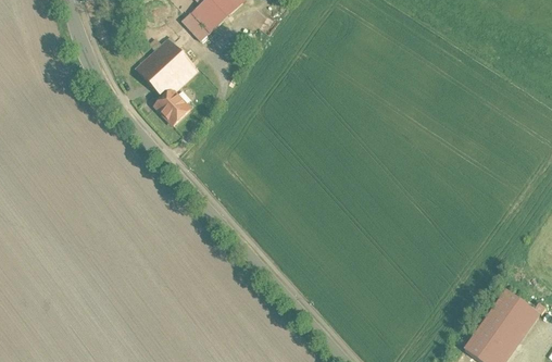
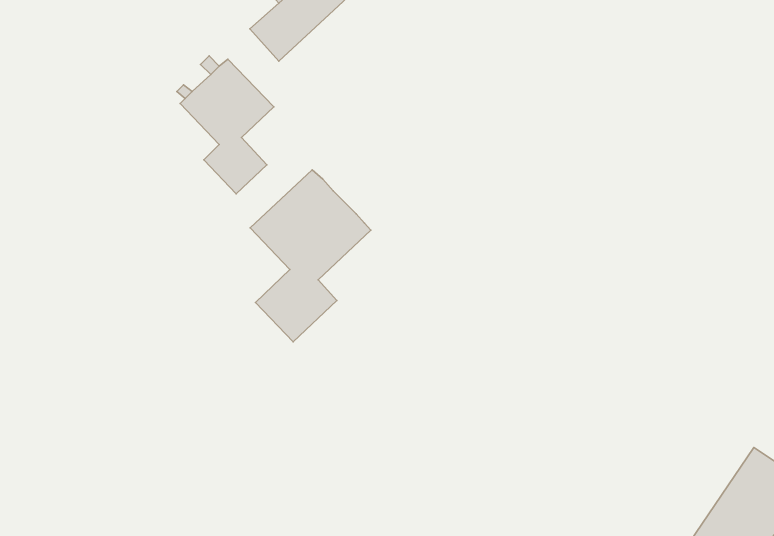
building: none -> [250,170,371,342]

